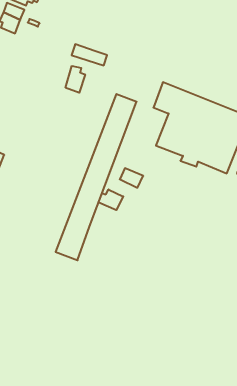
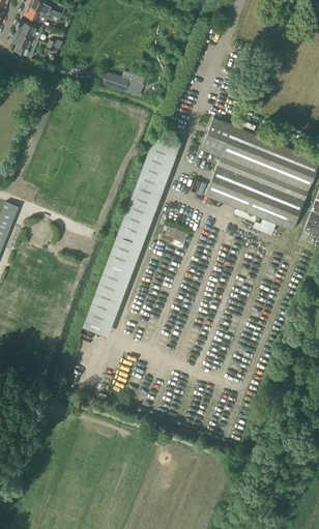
building: [66,66,85,93] -> none
building: [98,189,123,210] -> none

